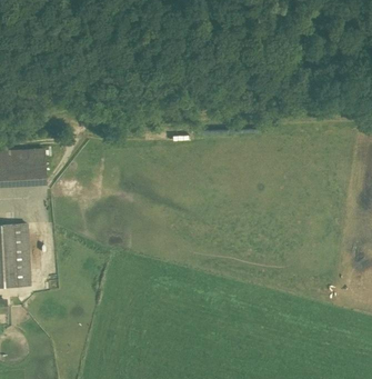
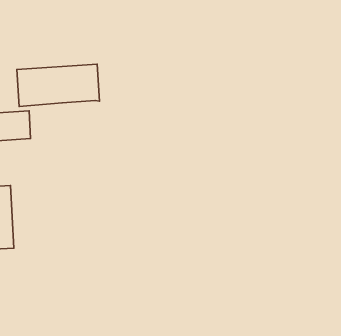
building: none -> [17,64,100,106]

